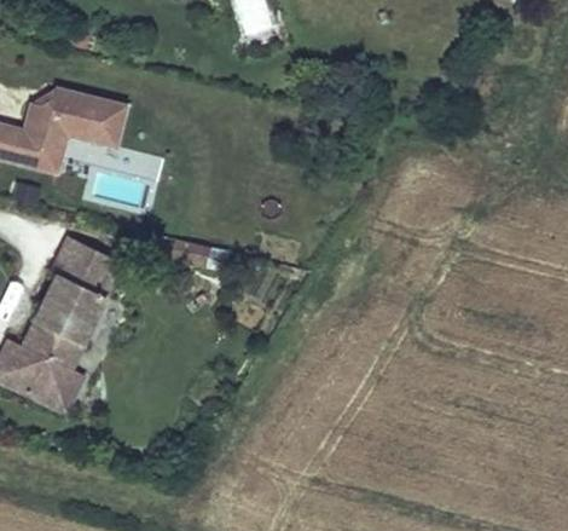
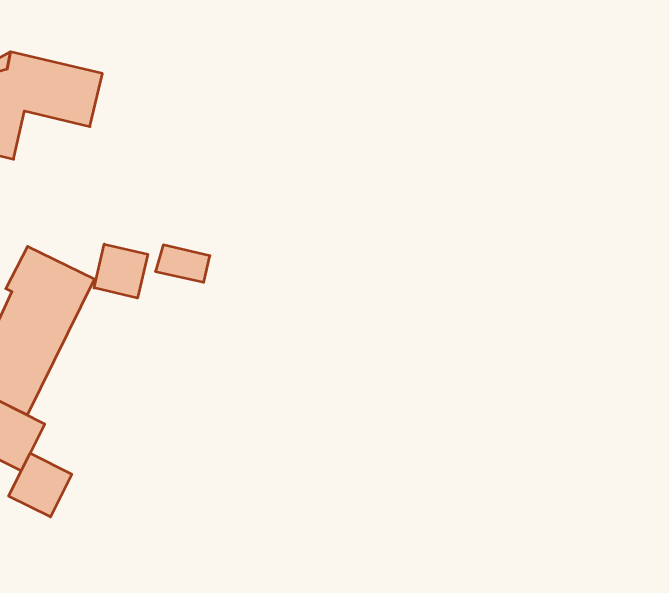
building: none -> [94,244,148,298]
building: none -> [9,453,72,517]

